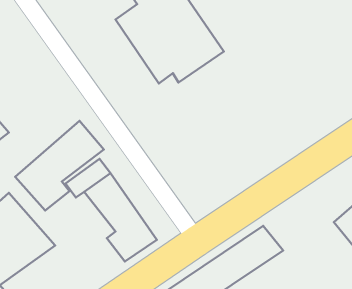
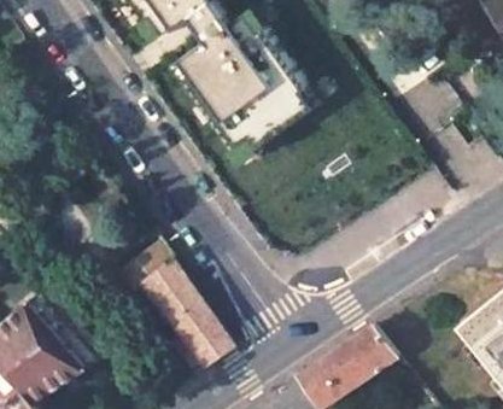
building: [15,121,104,210] -> none

